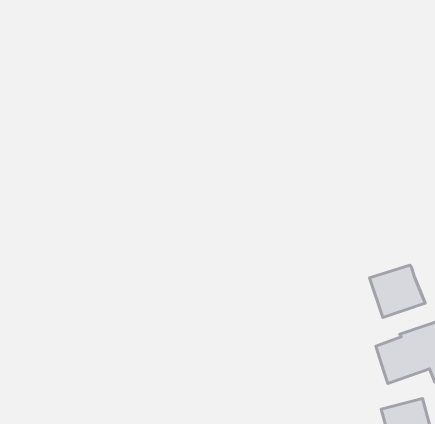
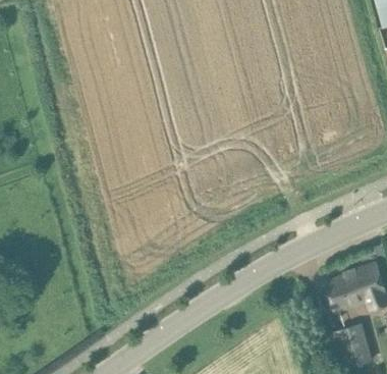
building: [369,265,425,317] -> none

